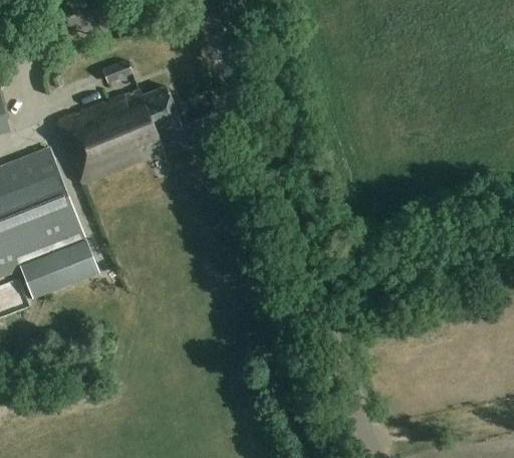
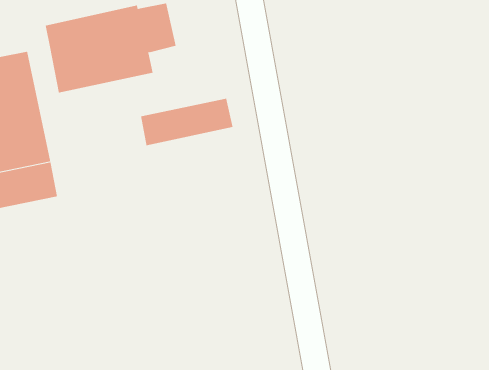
building: none -> [140,98,233,146]

